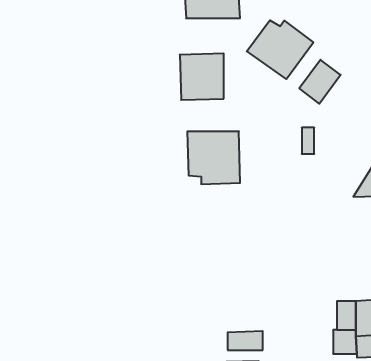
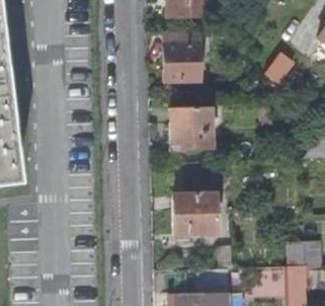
building: [247,20,313,79] -> none
building: none -> [175,193,220,235]

